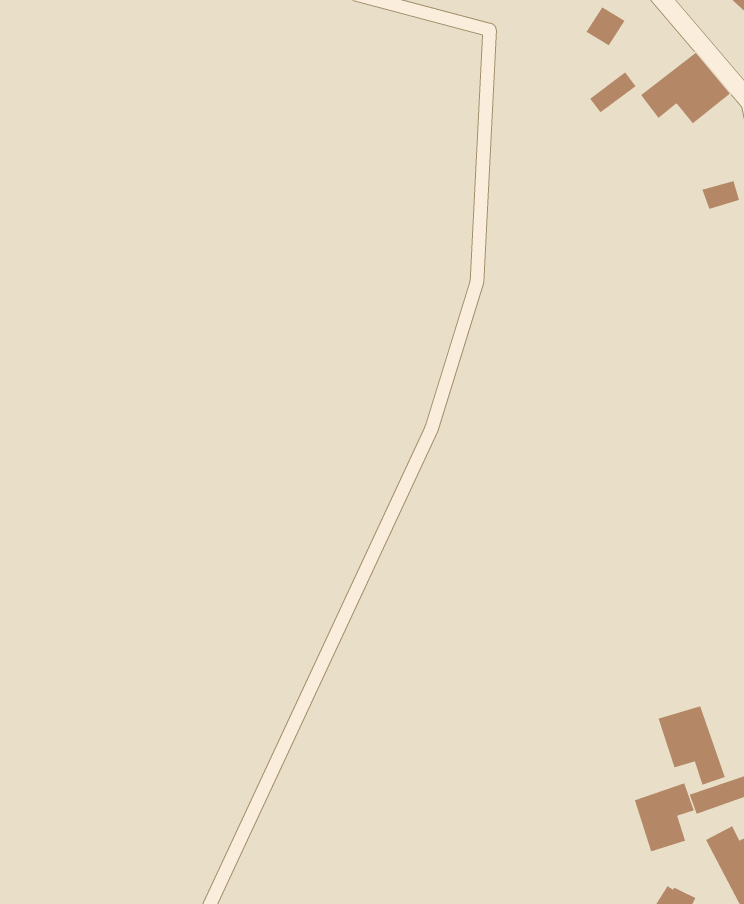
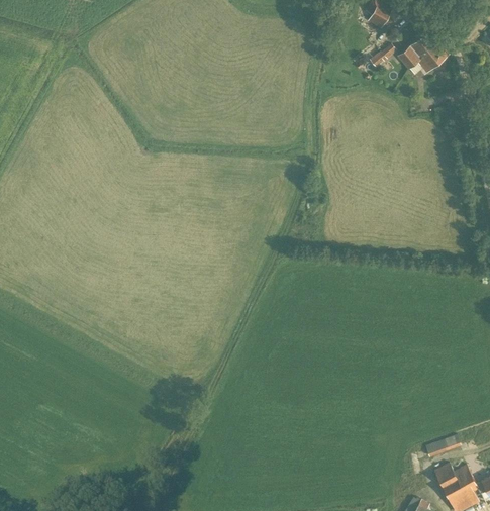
building: [658,706,725,786] -> none
building: [634,782,695,852] -> none

